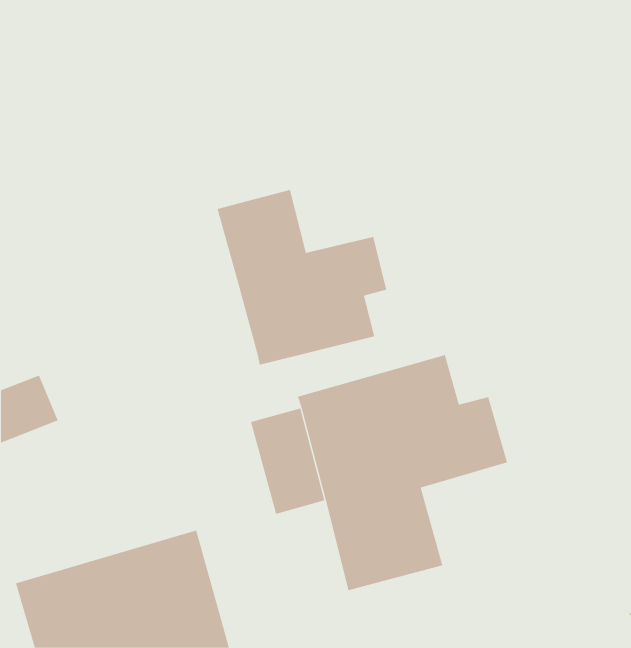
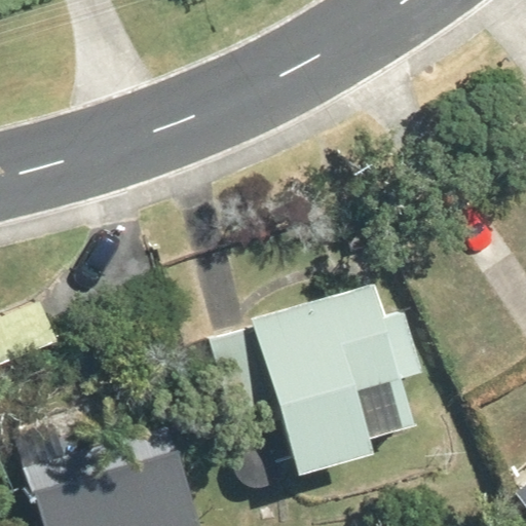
building: [217,189,387,366] -> none

